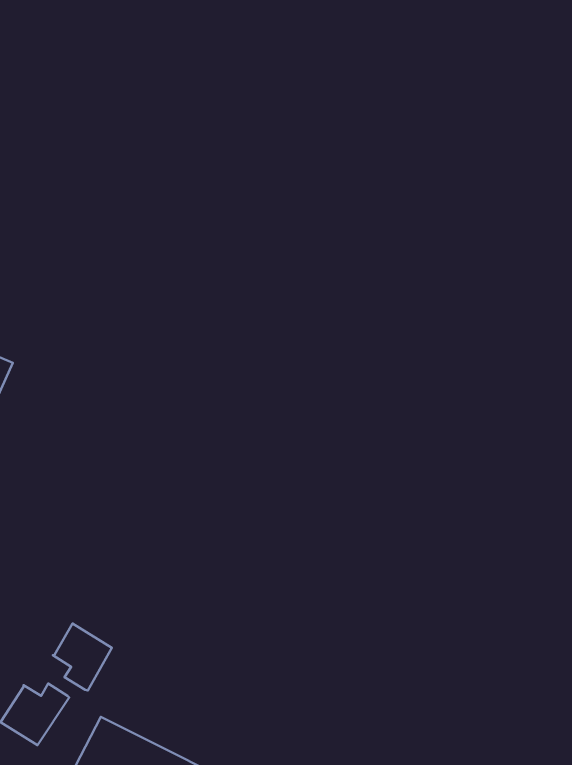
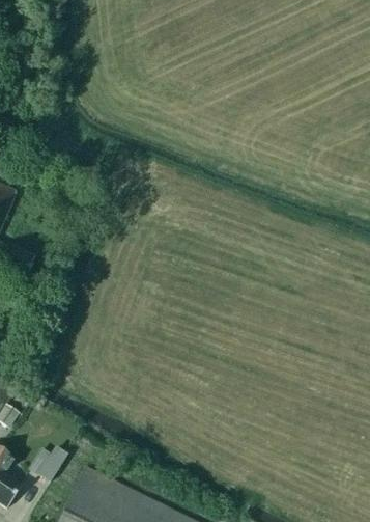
building: [53,623,112,691] -> none

